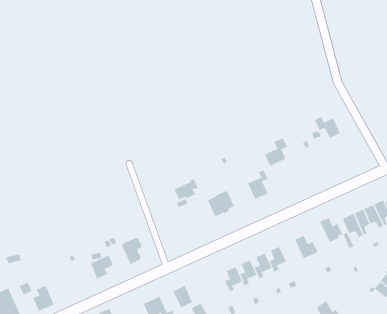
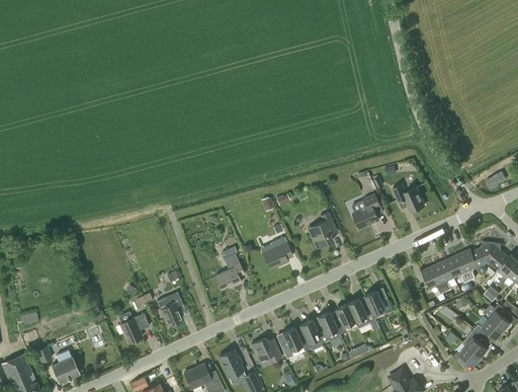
building: [314,116,340,138] -> [393,184,424,211]
building: [264,138,288,166] -> [352,193,380,228]
building: [174,178,198,200] -> [214,262,244,289]
building: [319,217,343,243] -> [346,298,374,328]
building: none -> [251,337,281,362]

